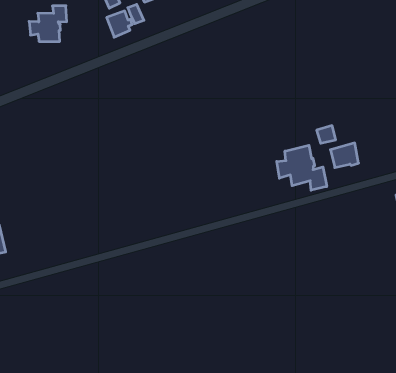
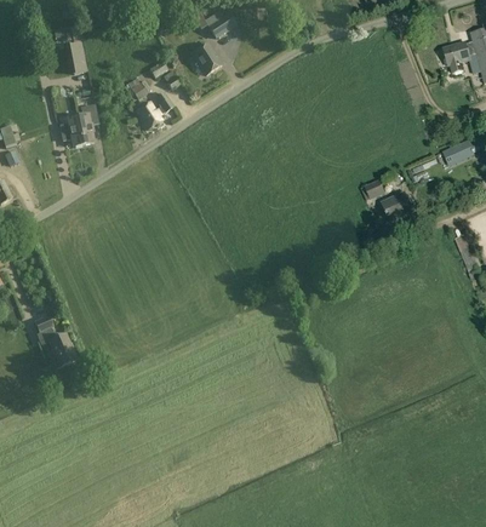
building: [277,145,327,190] -> none

